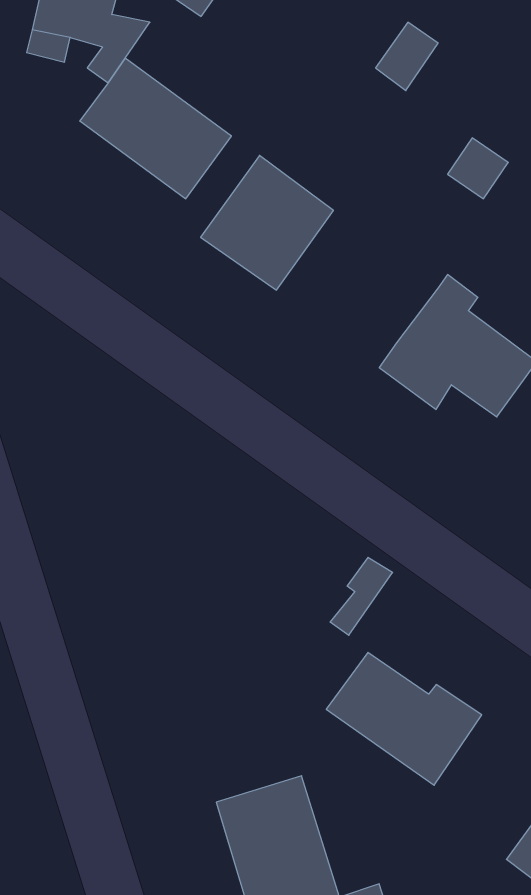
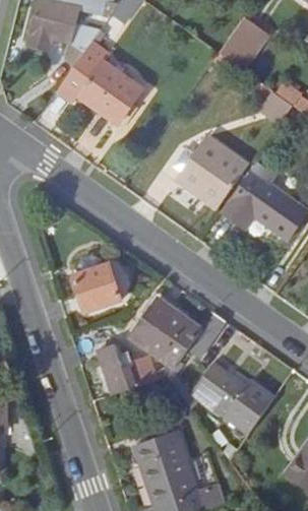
building: [201,155,333,290] -> [174,131,245,203]
building: none -> [72,265,121,314]
building: none -> [135,299,203,368]
building: none -> [100,345,160,394]

